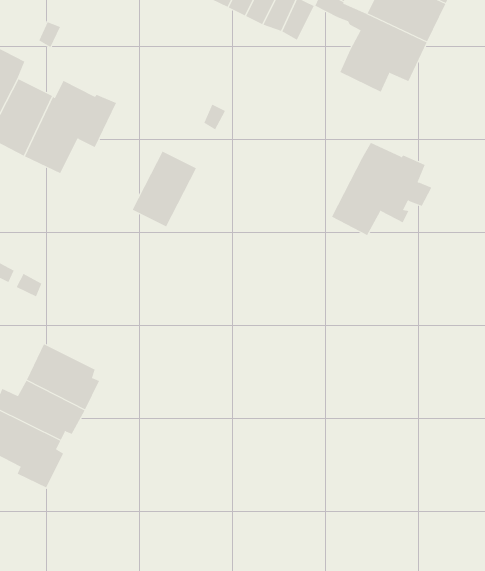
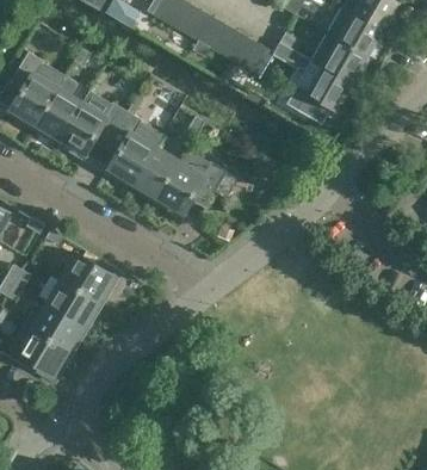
building: none -> [106,97,163,188]
building: [331,142,432,236] -> [156,151,230,218]
building: none -> [62,253,122,301]

